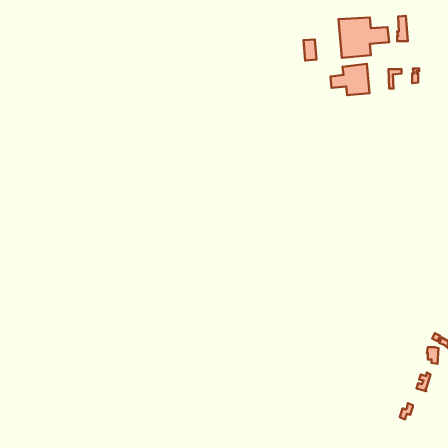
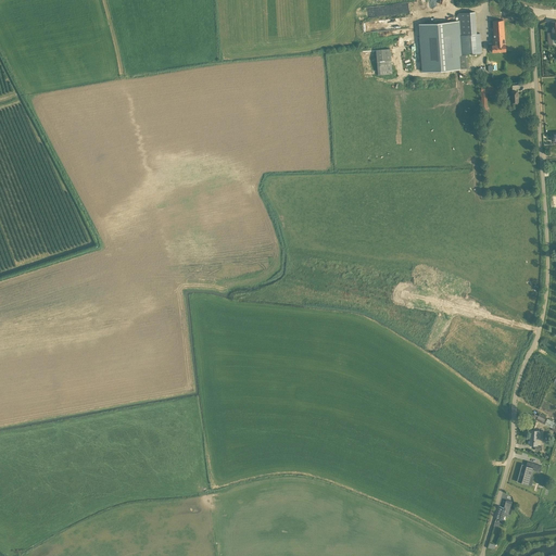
building: [331,64,369,95] -> none

